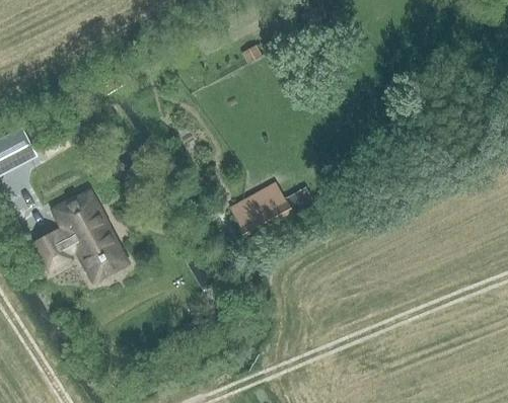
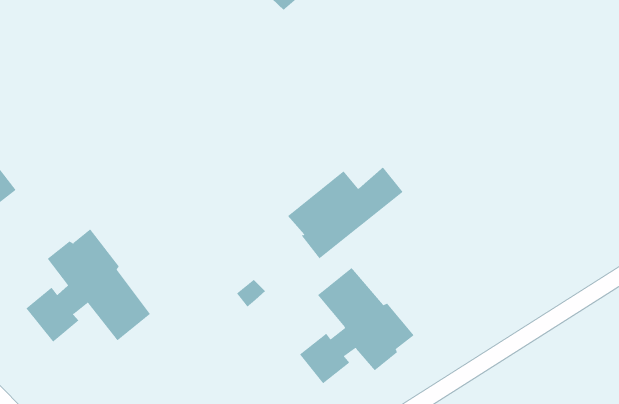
building: none -> [299,267,414,384]

